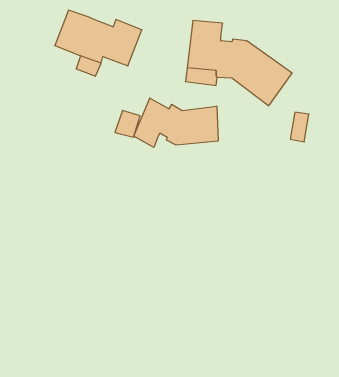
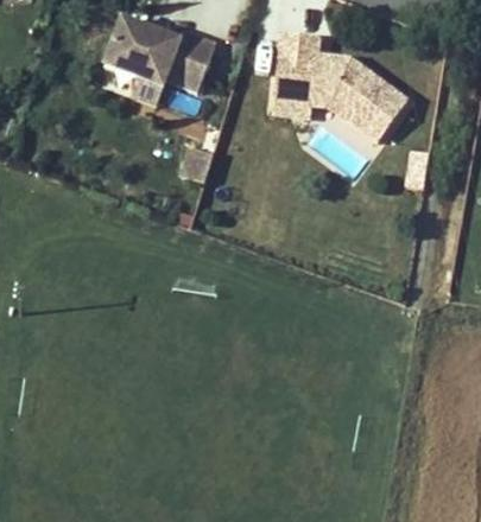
building: [134,98,218,147] -> none

